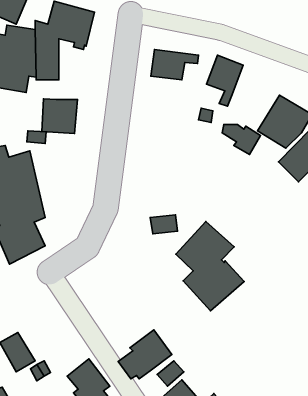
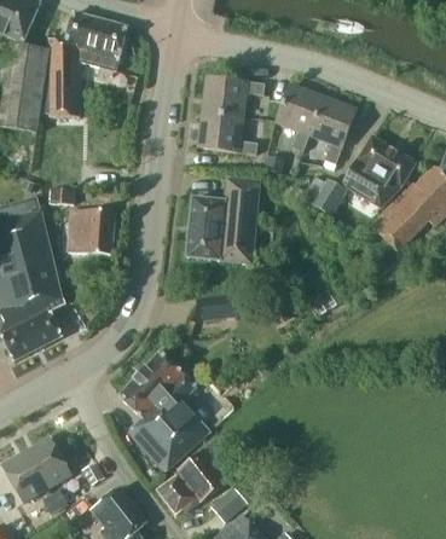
building: none -> [309,97,357,163]
building: none -> [198,111,257,153]
building: [42,99,77,133] -> [68,208,115,254]
building: none -> [187,179,260,263]
building: [176,221,244,311] -> [120,352,210,470]
building: none -> [25,436,73,488]

